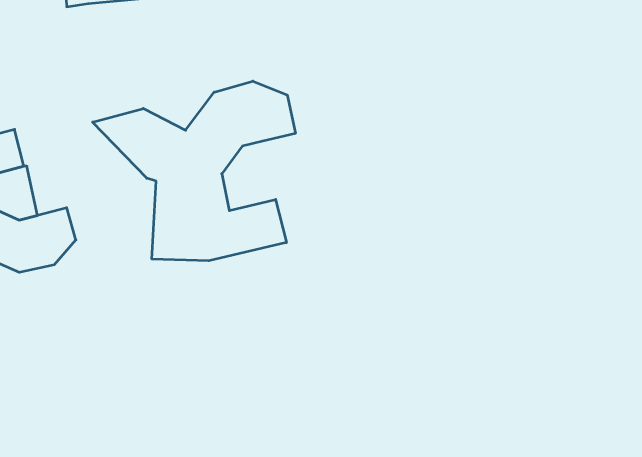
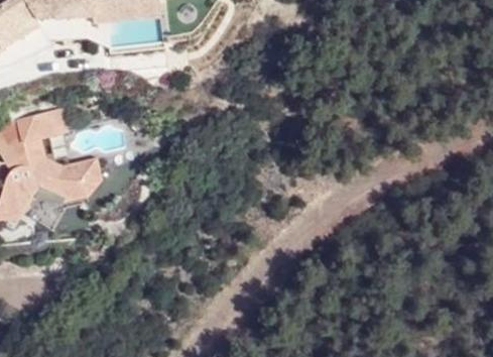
building: [93,81,295,261] -> none

